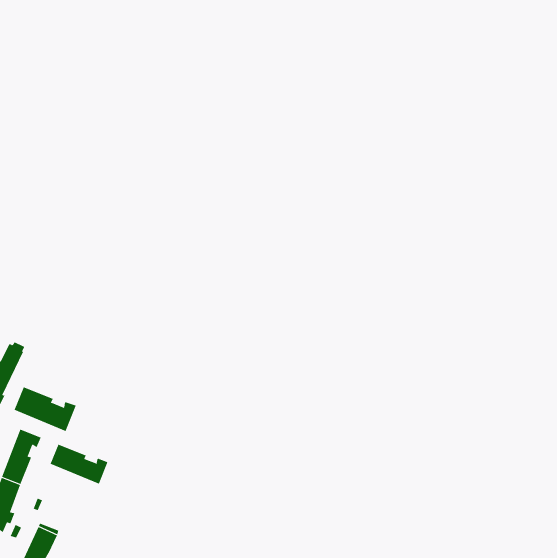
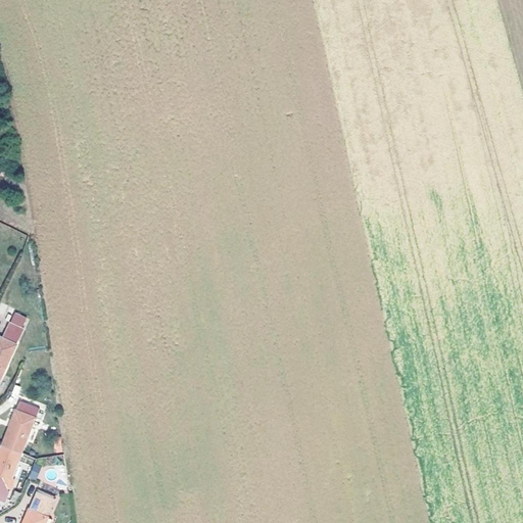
building: [14,386,77,432] -> none
building: [50,444,108,485] -> none

